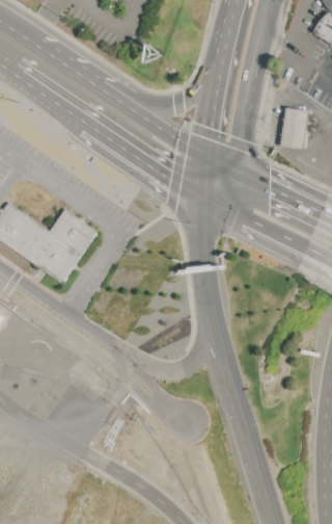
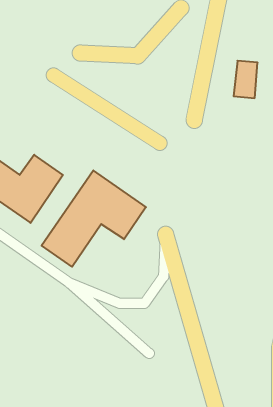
building: none -> [42,170,146,267]

